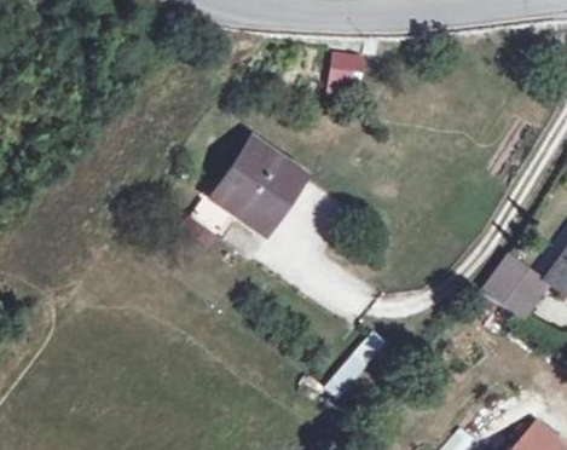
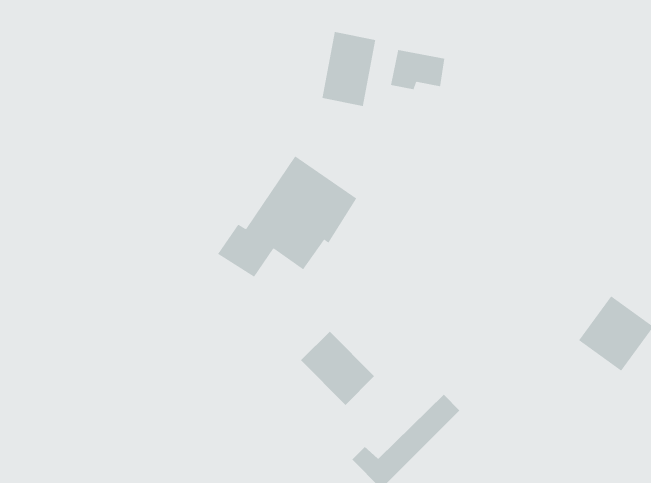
building: none -> [322,31,376,107]
building: none -> [300,331,375,406]

